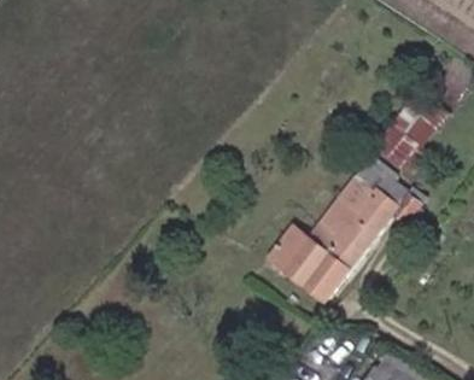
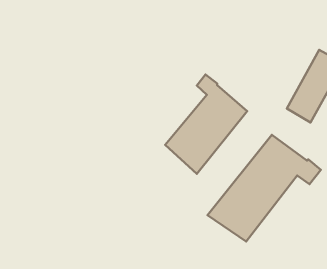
building: none -> [165,75,247,174]

